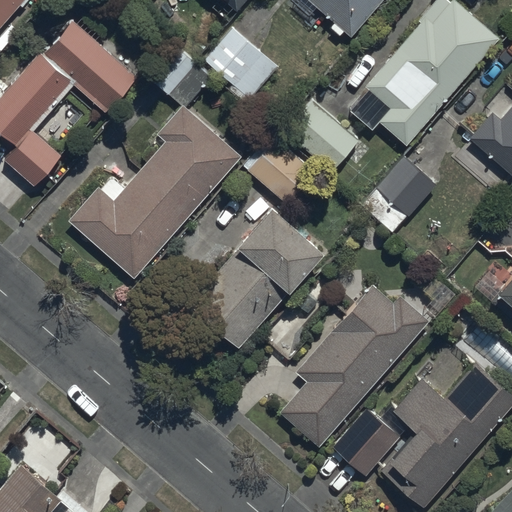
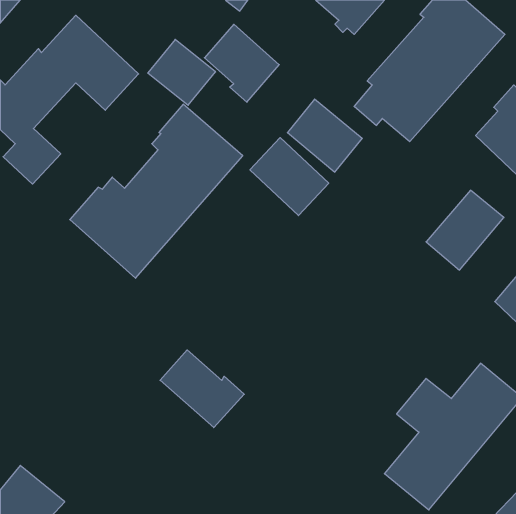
building: [359,156,436,235] -> [426,190,504,270]
building: [188,205,327,350] -> none
building: [280,284,429,448] -> none
building: none -> [160,350,244,428]
building: [332,409,400,477] -> none

